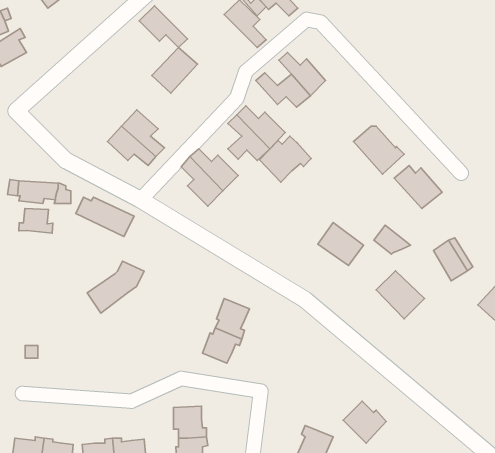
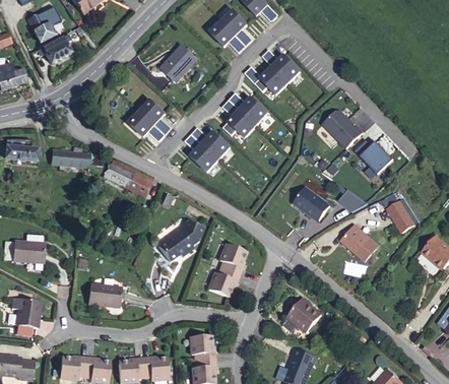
building: [139,6,187,48] -> [213,18,252,52]
building: [259,136,311,182] -> none
building: [19,208,53,233] -> none
building: [87,261,144,313] -> [157,220,203,262]
building: none -> [85,283,119,307]
building: [343,401,386,443] -> [287,300,322,333]

